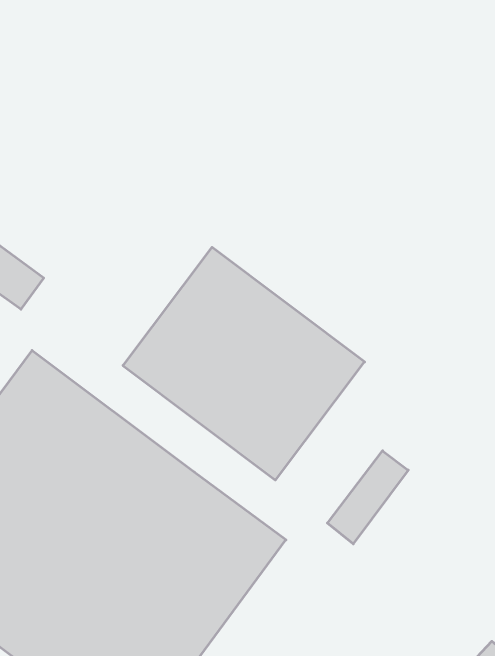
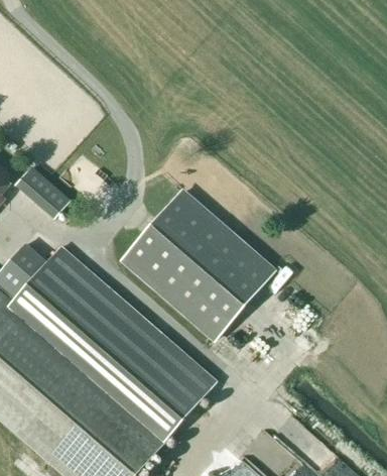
building: [327,451,408,544] -> none

